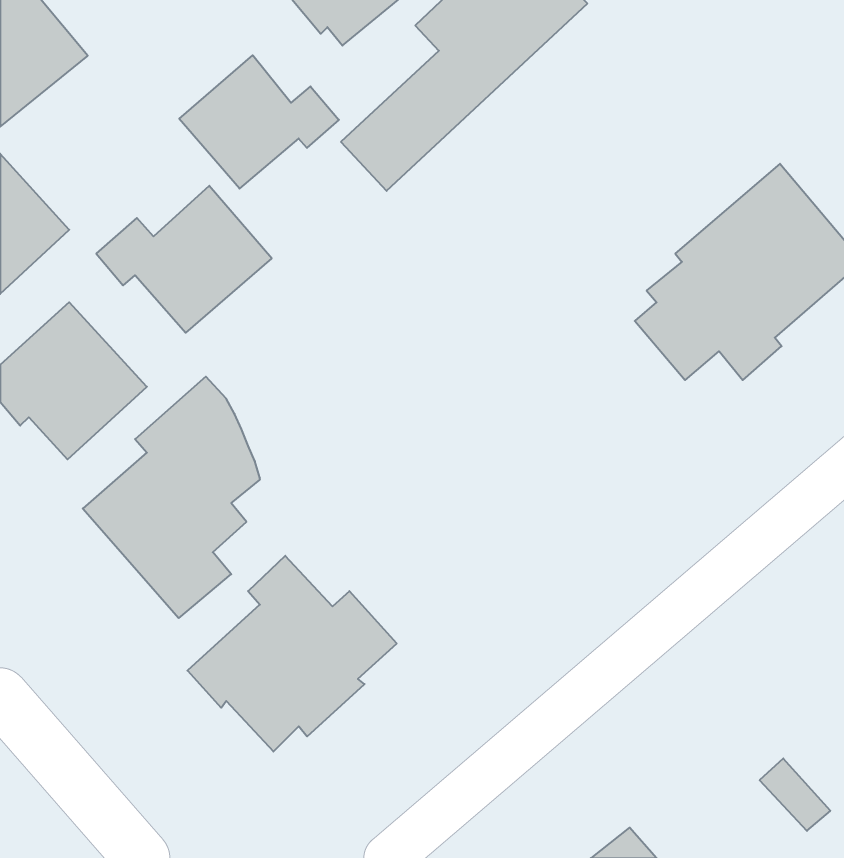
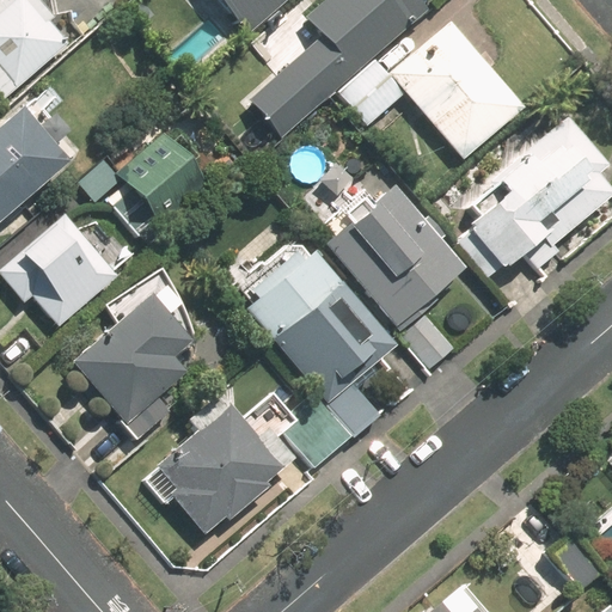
building: none -> [341,20,525,159]
building: [179,55,339,189] -> none
building: none -> [319,172,466,365]
building: none -> [233,235,396,466]

